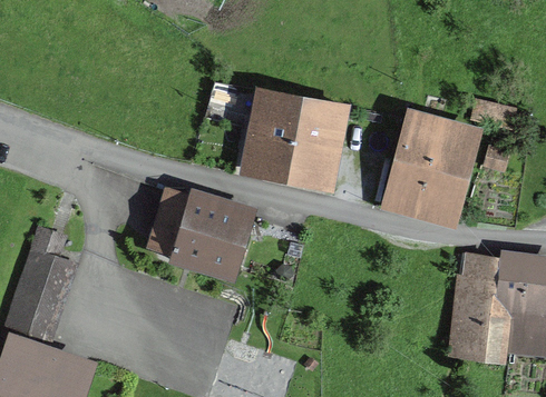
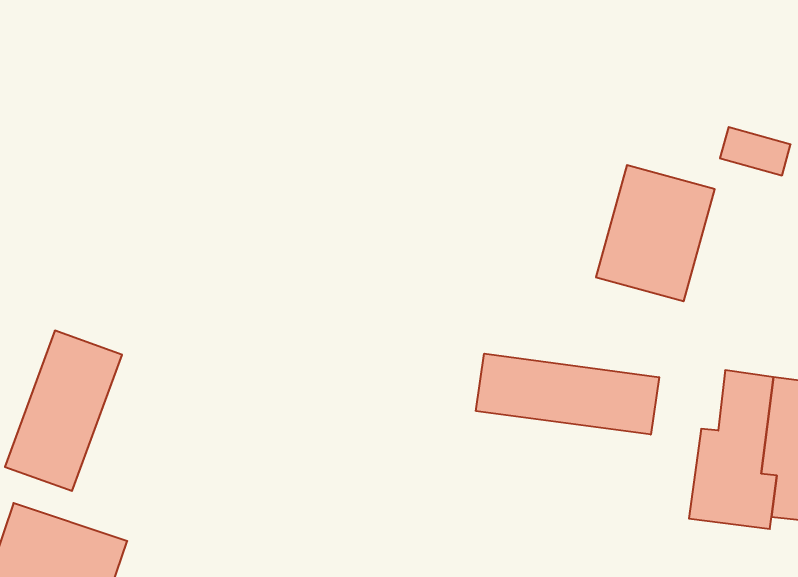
building: [246,92,343,181] -> none
building: [152,195,243,268] -> none
building: none -> [476,354,659,435]

